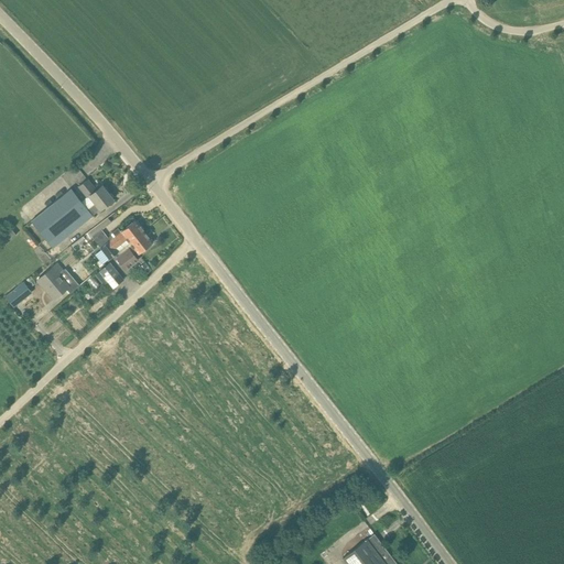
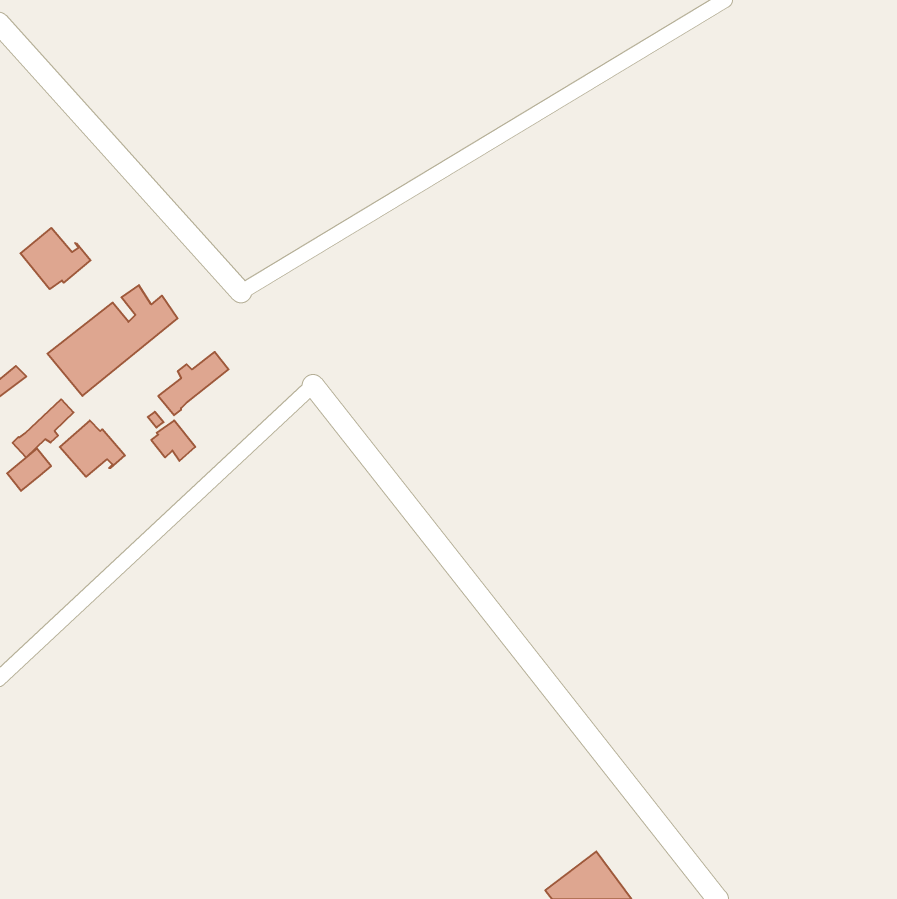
building: none -> [20,228,91,289]
building: [113,231,152,271] -> none
building: none -> [13,399,74,457]

